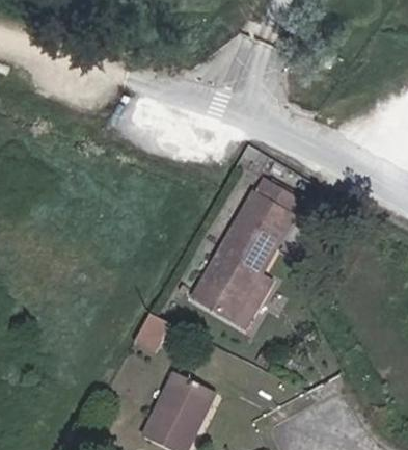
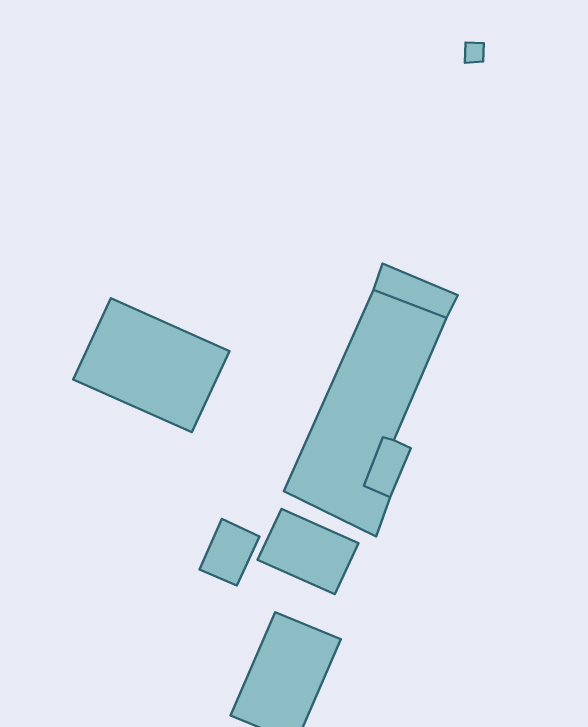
building: none -> [73,298,230,432]
building: none -> [258,509,358,594]

